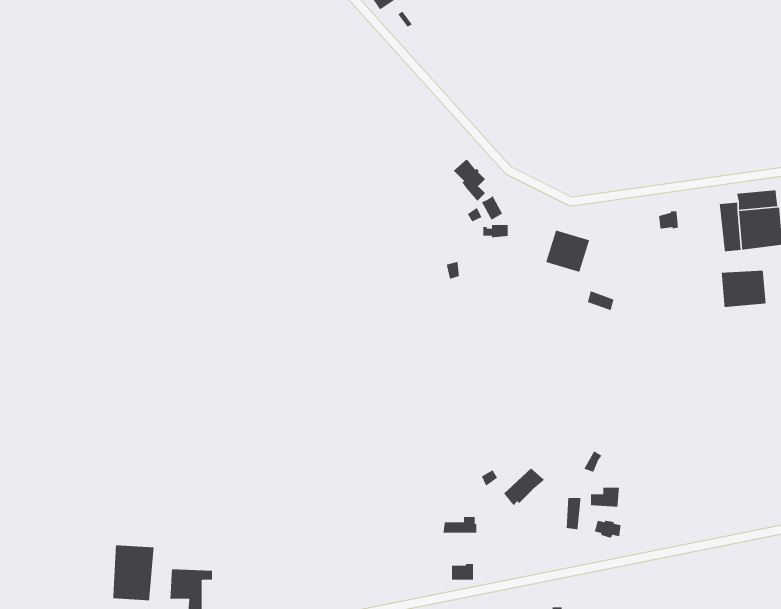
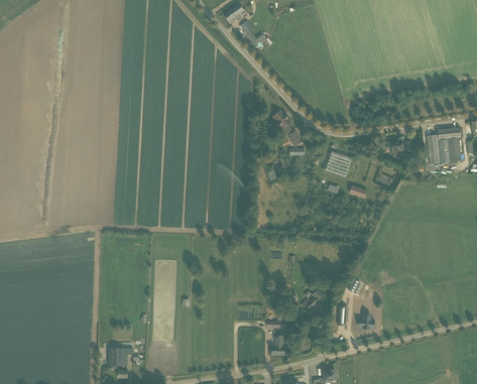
building: [721,270,766,308] -> none
building: [112,545,154,601] -> none

